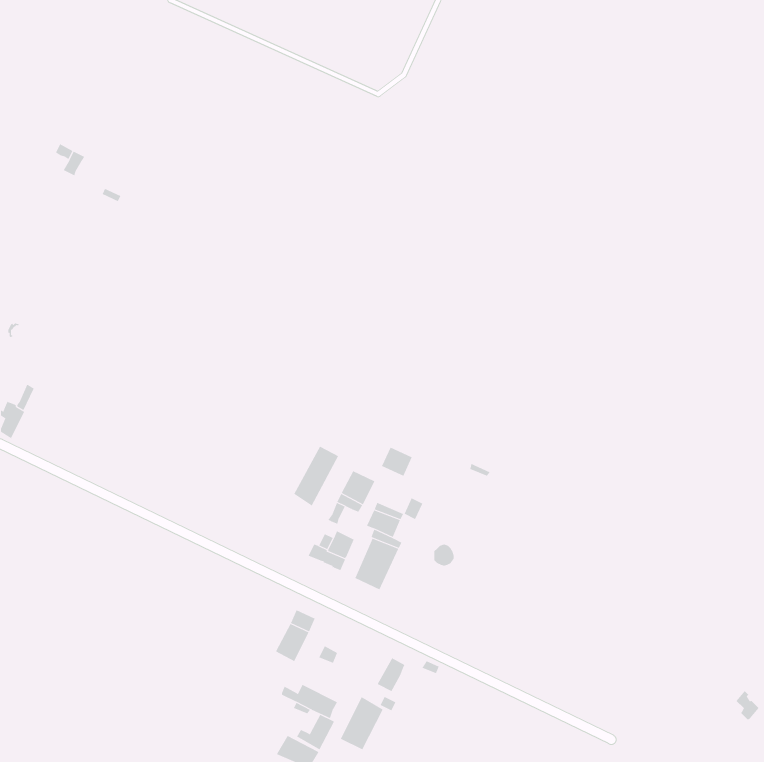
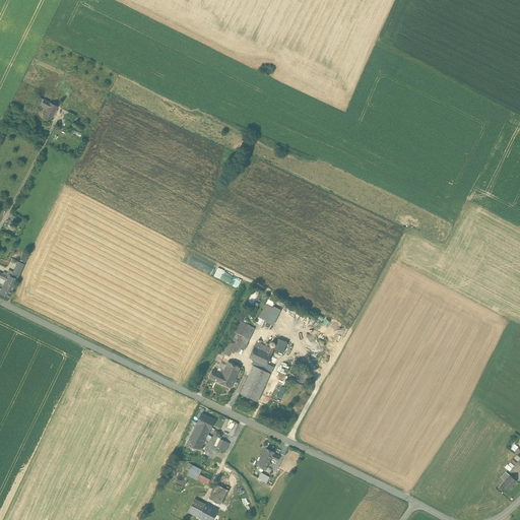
building: [293,446,339,506] -> none
building: [340,696,384,750] -> none

